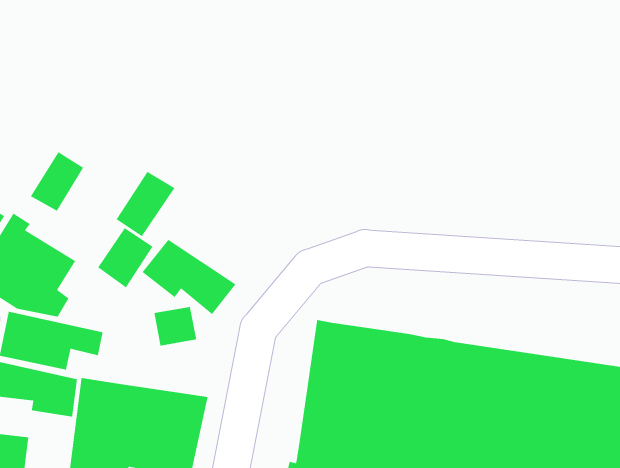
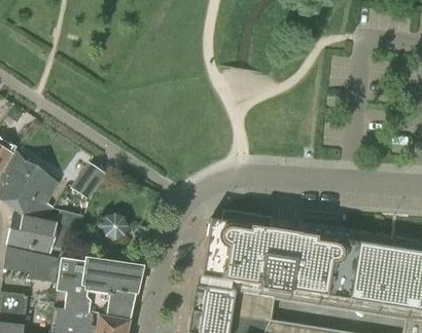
building: [30,151,84,212] -> none
building: [115,171,176,237] -> none
building: [141,239,236,315] -> none

